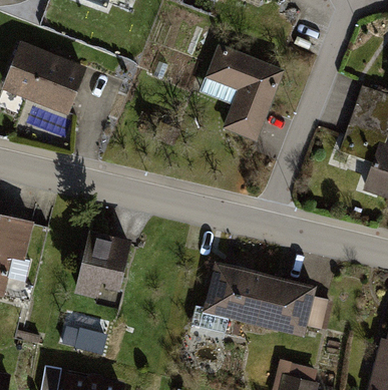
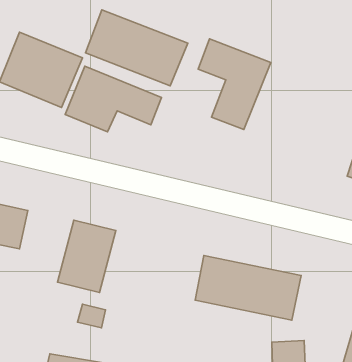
building: none -> [85,10,188,86]
building: none -> [65,66,161,132]

